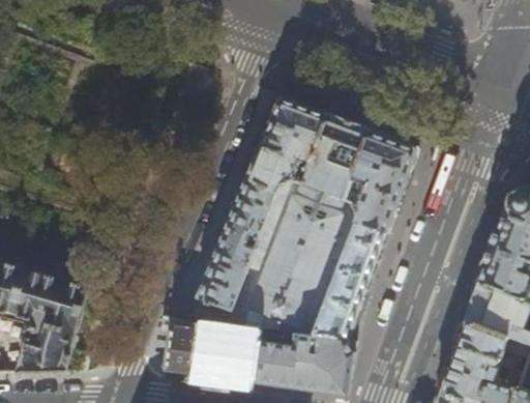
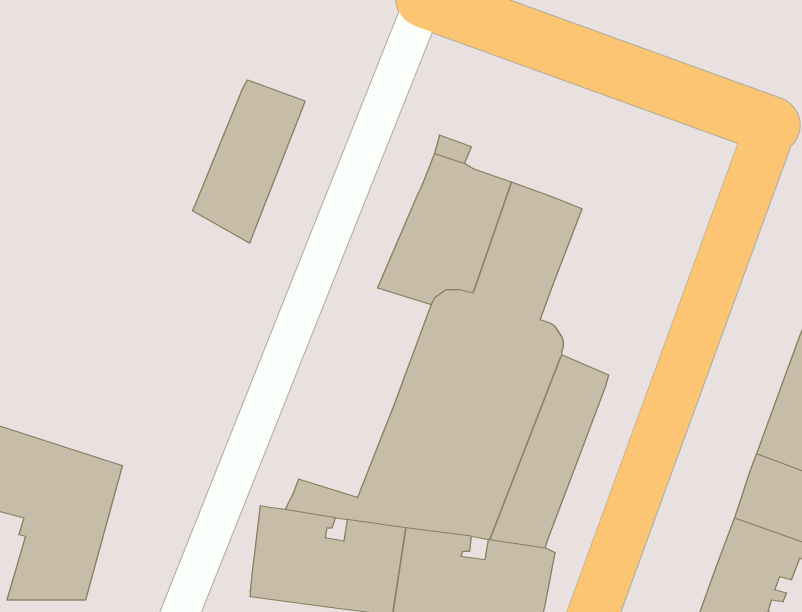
building: none -> [192,80,305,243]
building: [346,134,418,236] -> none
building: [197,182,278,312] -> none

